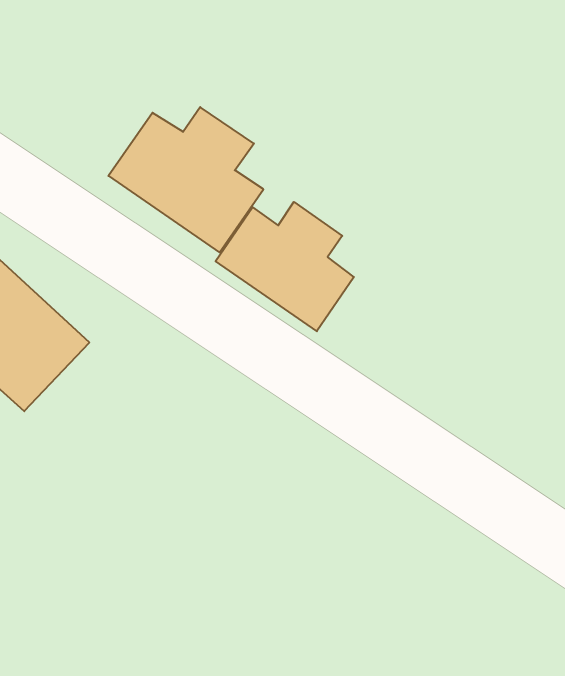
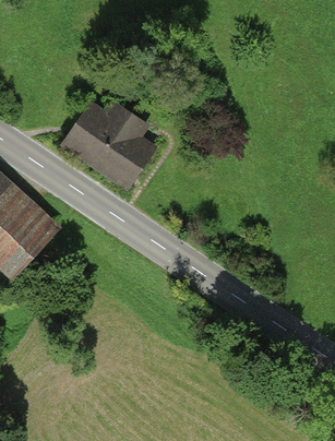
building: [216,202,354,331] -> none

